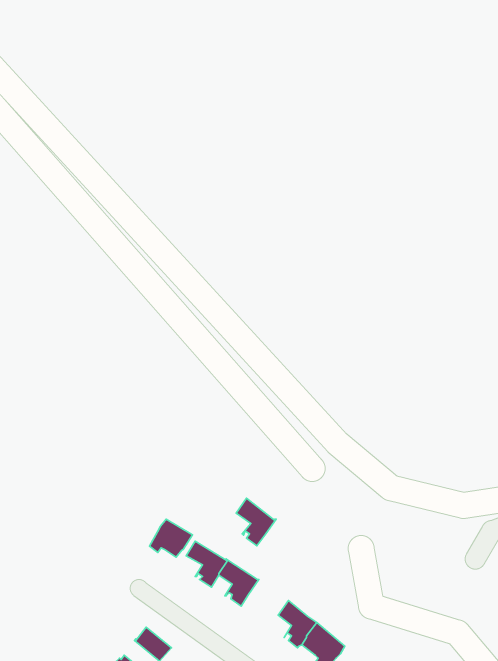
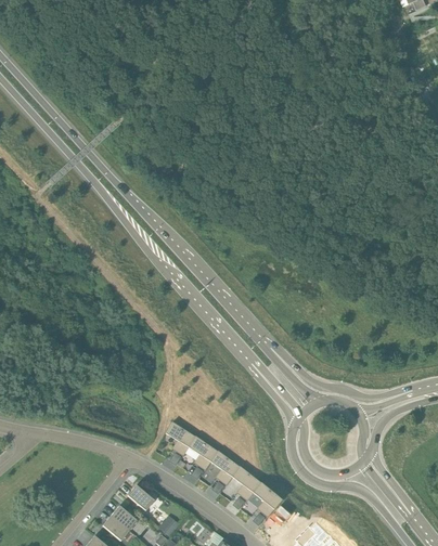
building: [236,498,276,546] -> [211,452,241,486]
building: [149,519,193,557] -> none

